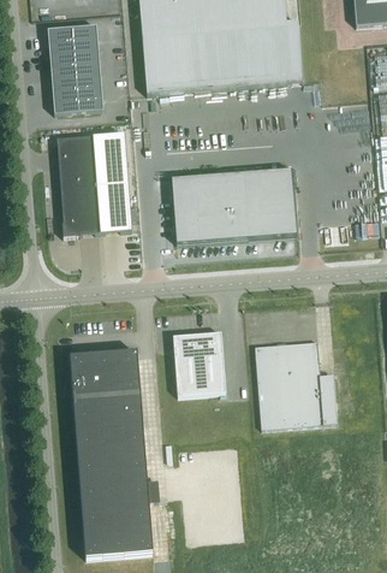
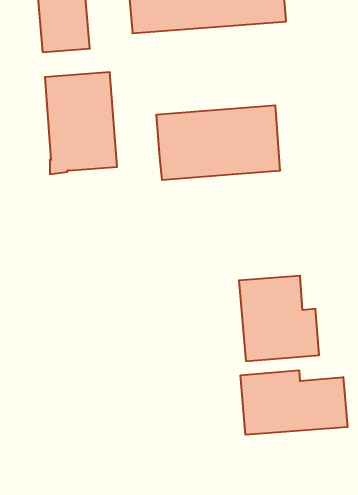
building: [173,332,226,396] -> none
building: [70,352,153,557] -> none
building: none -> [241,370,348,435]

